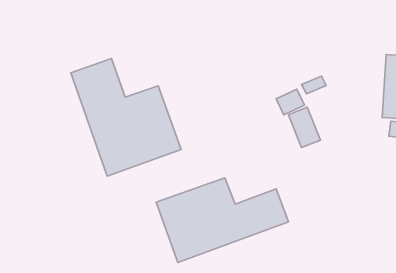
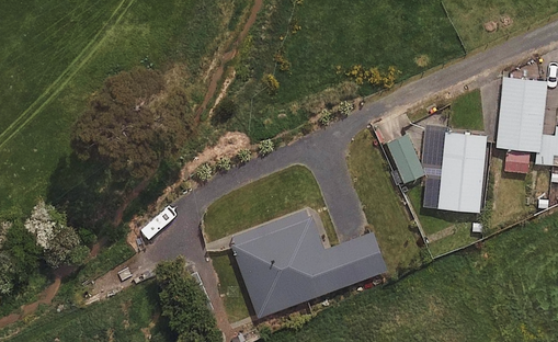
building: [71,59,181,176] -> none
building: none -> [422,128,486,212]

